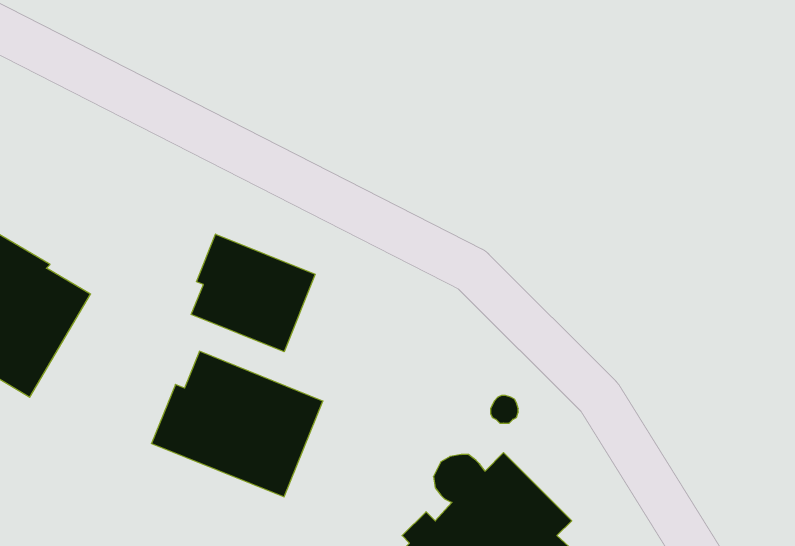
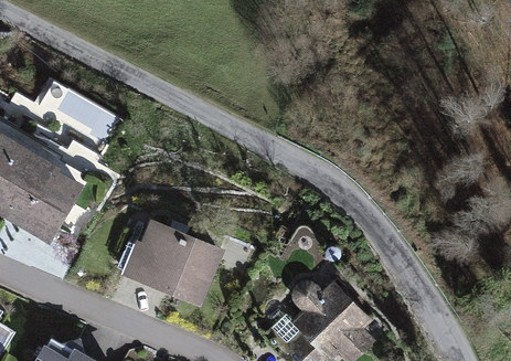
building: [191,234,315,352] -> none

